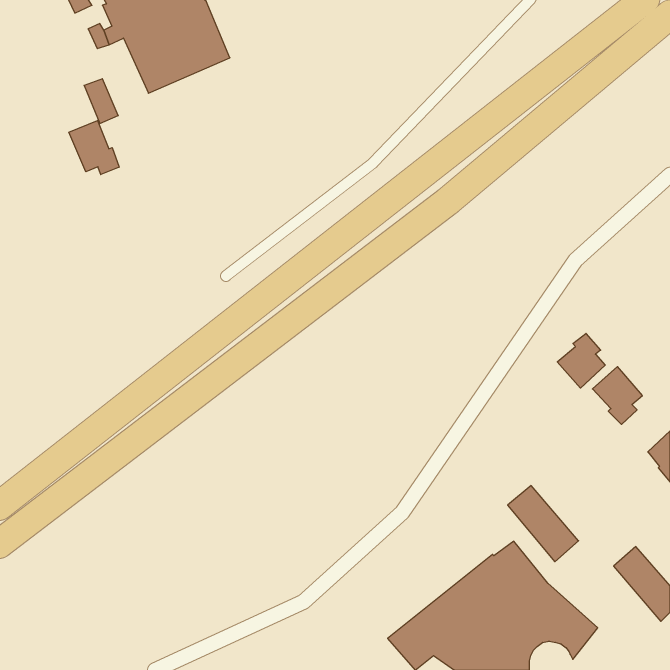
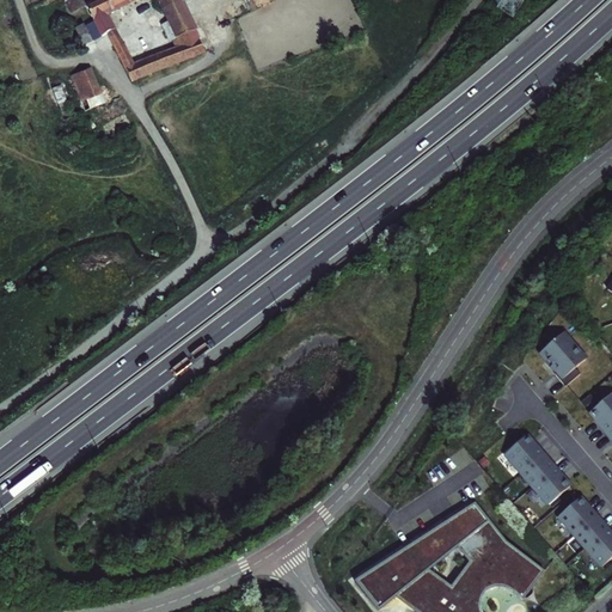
building: [69,120,119,175] -> none
building: [557,333,605,388] -> none
building: [508,486,579,562] -> [504,435,569,504]

